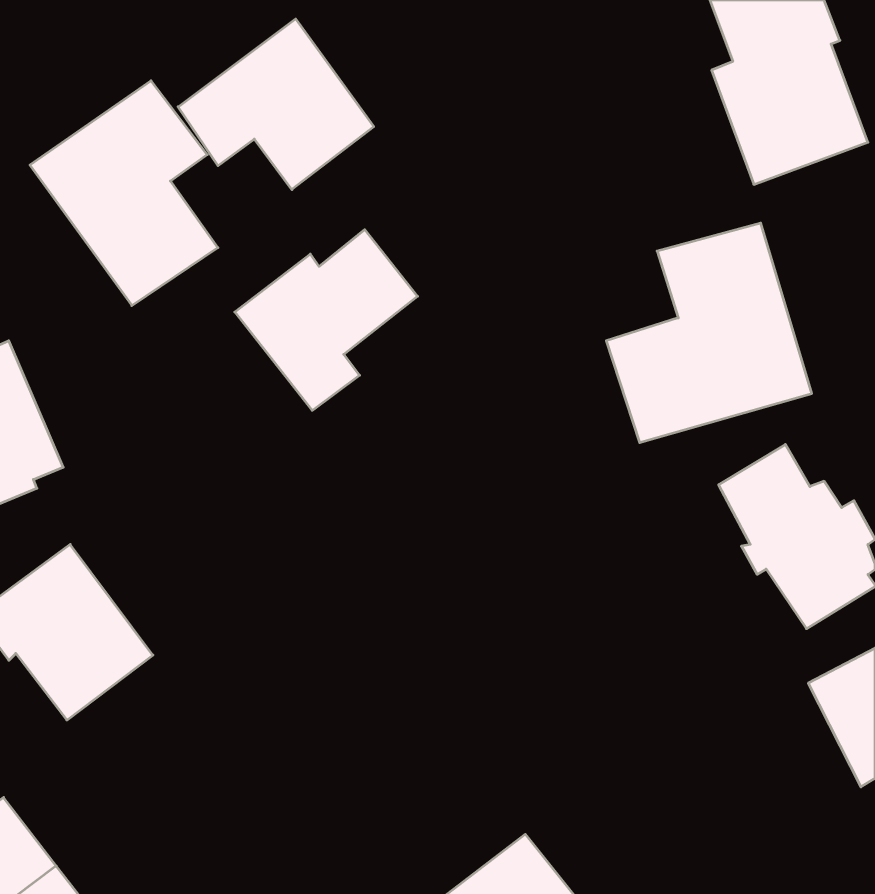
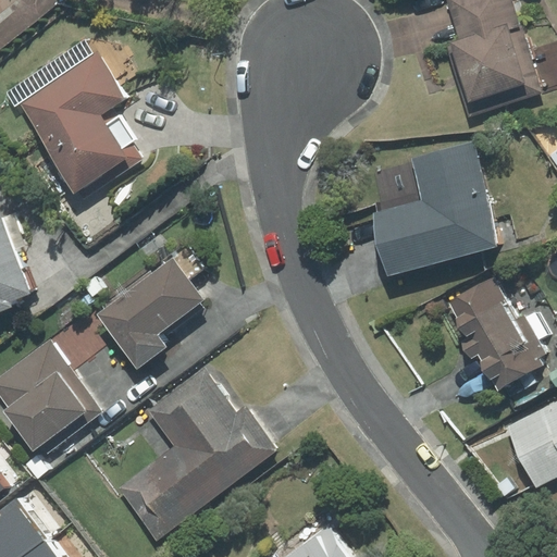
building: [178,19,374,190] -> none
building: [235,230,418,410] -> [98,255,211,367]
building: none -> [115,369,278,541]

